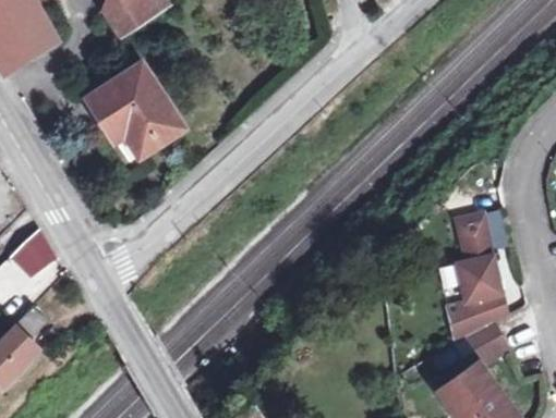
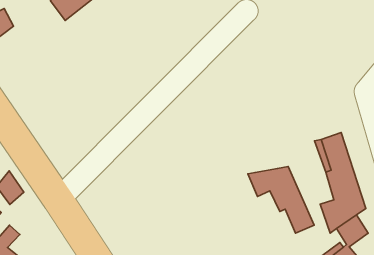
building: [93,65,186,162] -> none
building: none -> [248,167,314,233]

